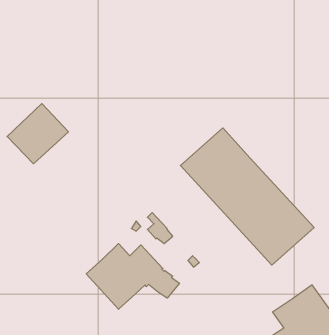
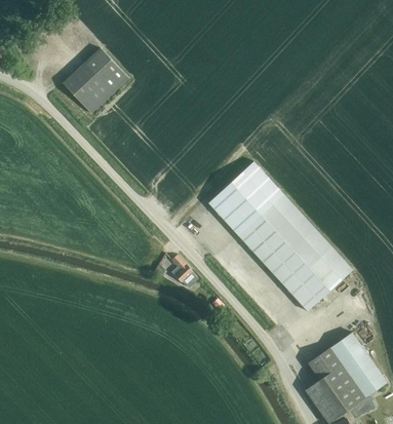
building: [7,104,68,164] -> [63,47,129,113]
building: [86,244,179,309] -> none

